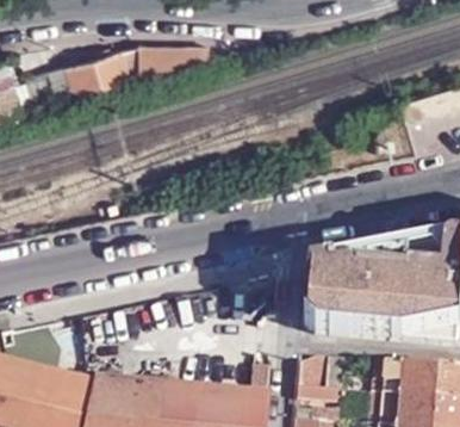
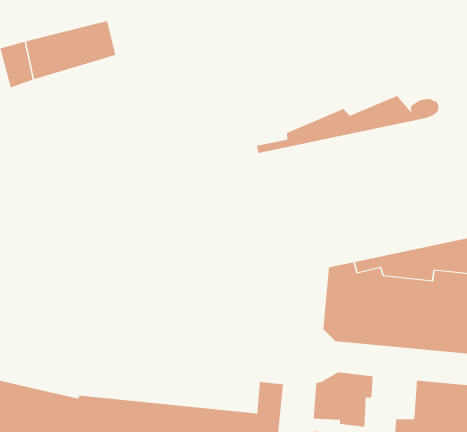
building: [135,42,211,75] -> none
building: none -> [257,95,439,154]

